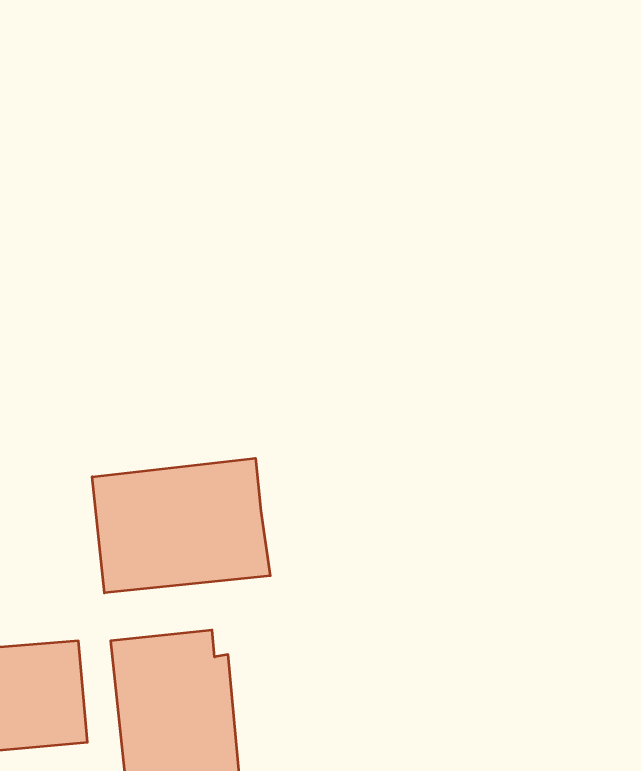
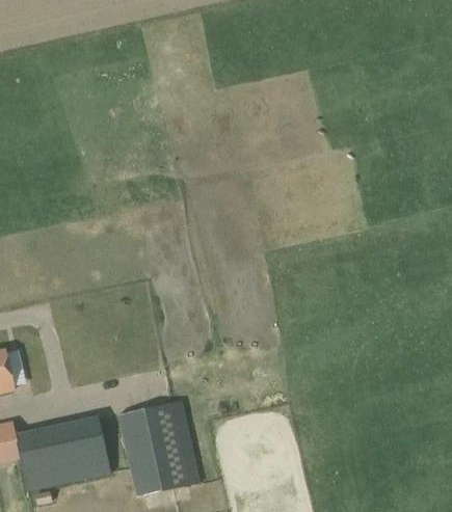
building: [92,458,270,593] -> none

